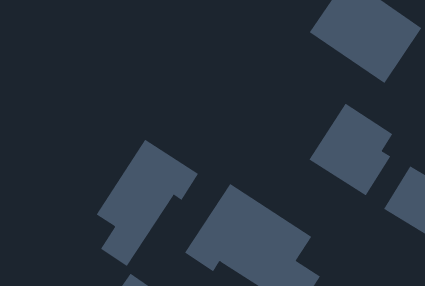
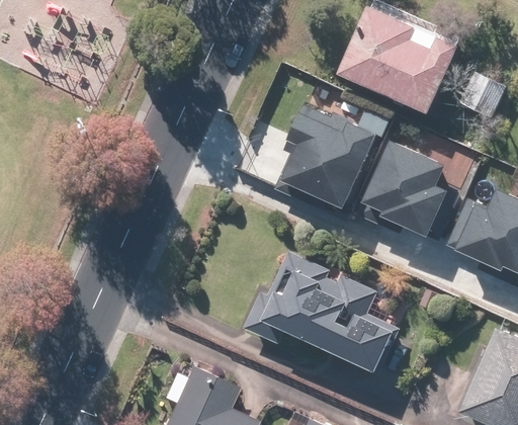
building: none -> [276,101,376,210]
building: [96,139,199,267] -> none

